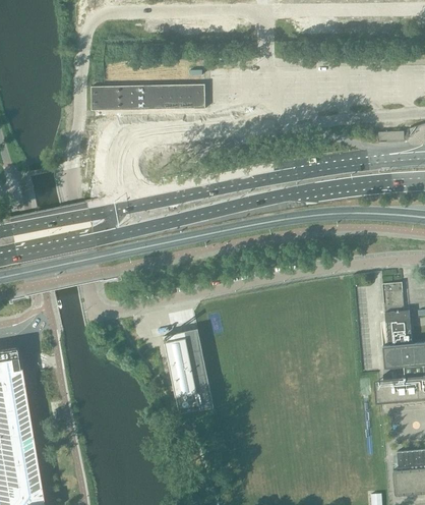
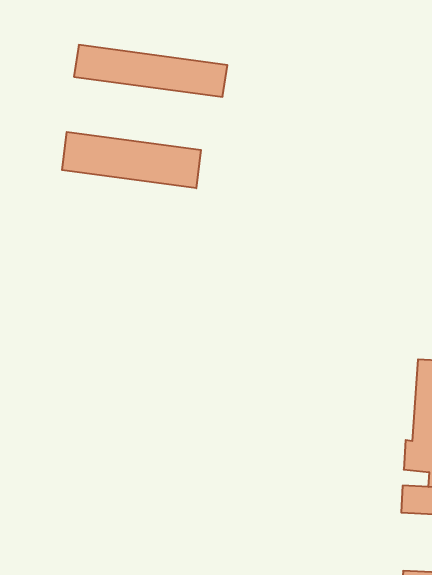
building: none -> [62,132,201,188]
building: [164,329,214,410] -> none

